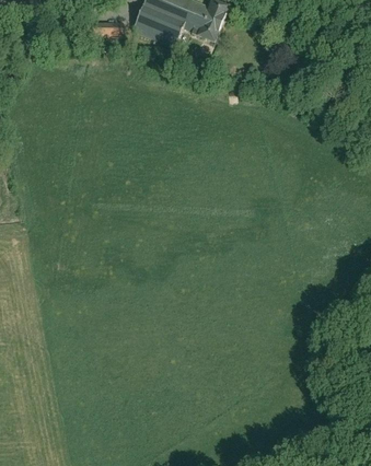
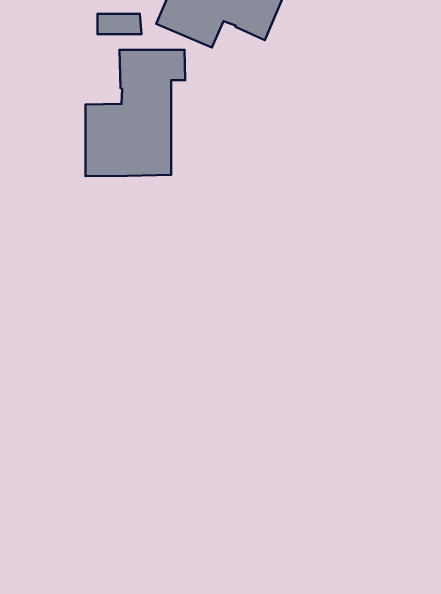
building: none -> [86,50,185,176]

